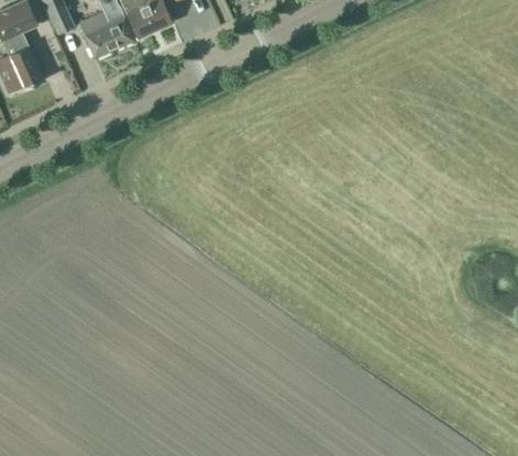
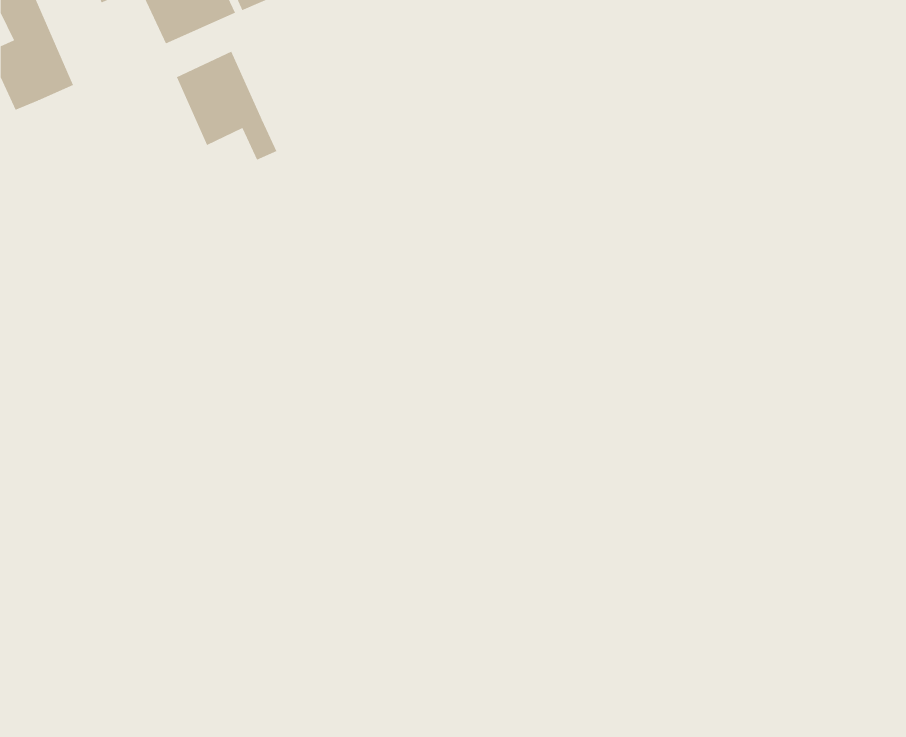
building: none -> [176,51,277,160]

